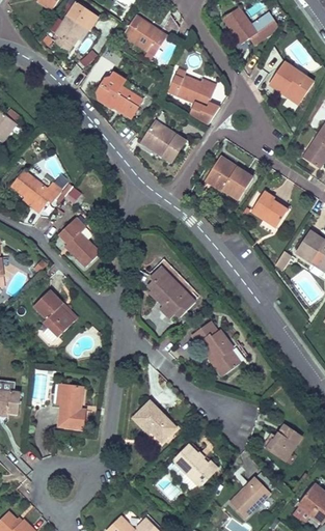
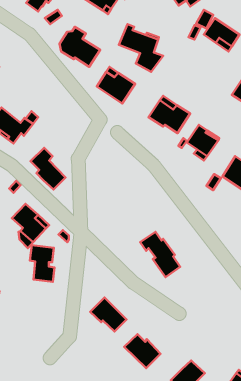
building: [146,267,196,322] -> none
building: [54,385,84,429] -> [30,245,55,282]
building: [267,425,302,462] -> none

